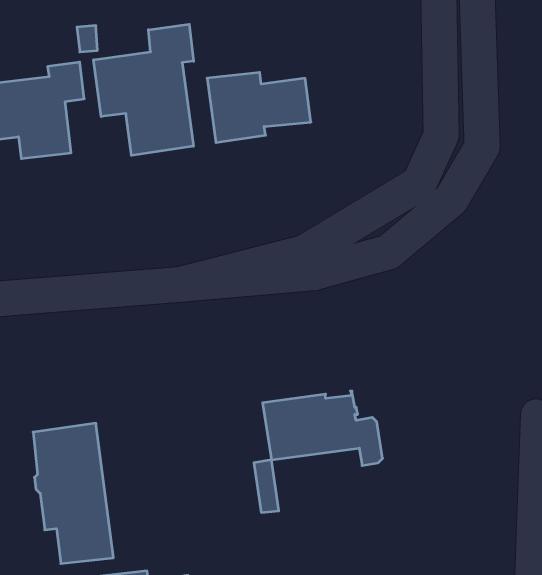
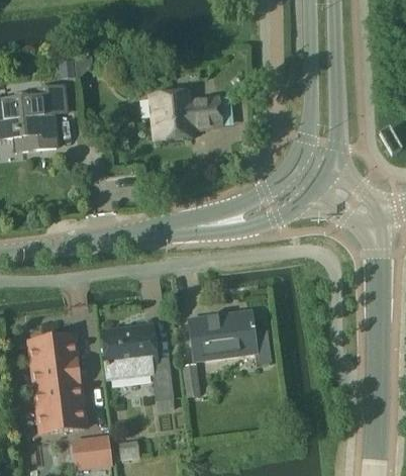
building: [94,24,194,155] -> none
building: none -> [100,324,173,408]

